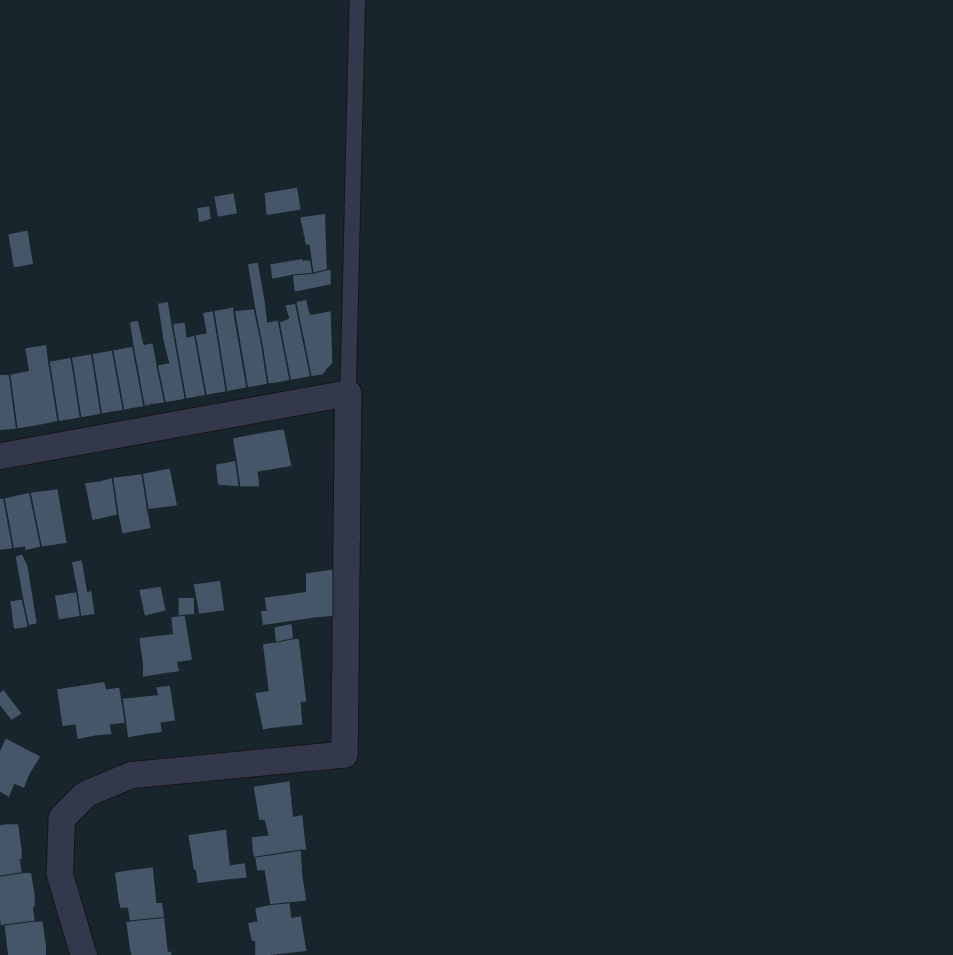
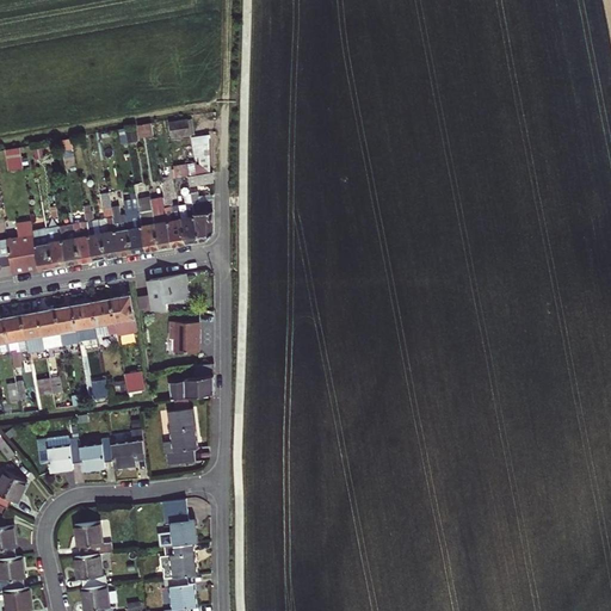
building: none -> [109,296,135,335]
building: none -> [37,309,60,348]
building: none -> [168,323,197,352]
building: [139,615,193,677] -> [110,430,144,469]
building: [188,829,248,884] -> [73,521,111,556]

